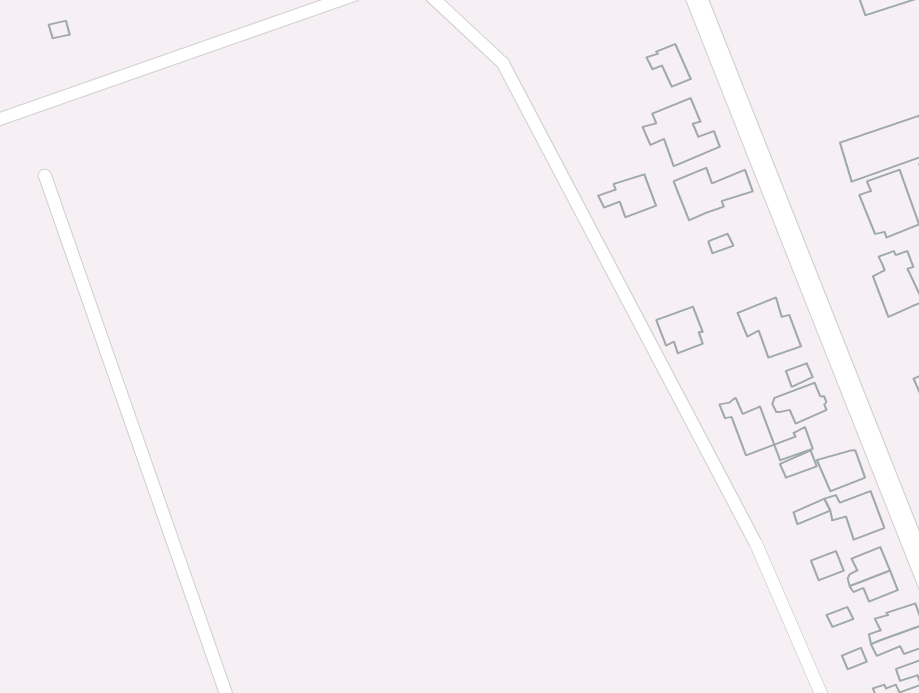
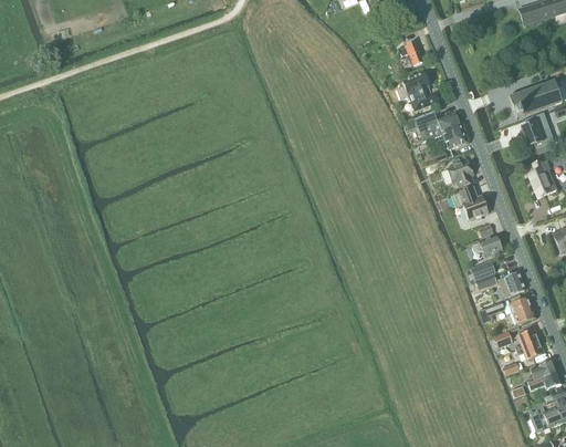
building: [598,174,656,217] -> [433,124,467,148]
building: [656,307,703,353] -> [447,159,473,186]
building: [720,398,774,455] -> none

